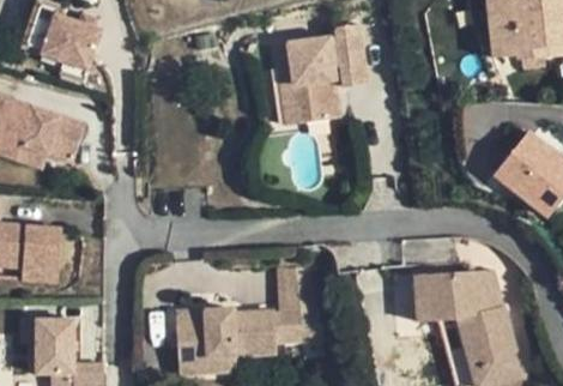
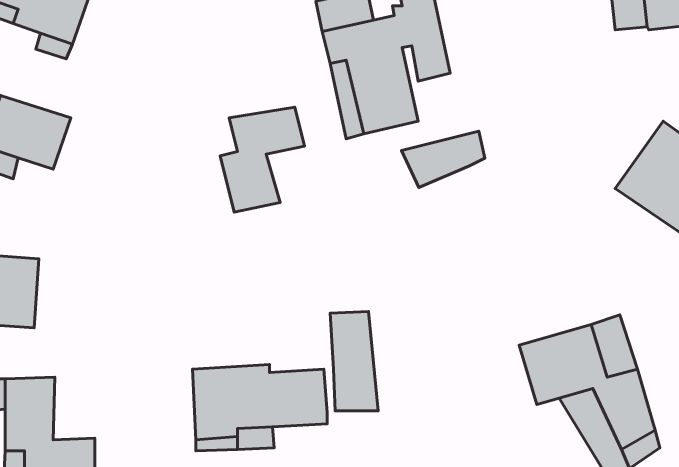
building: none -> [220,107,305,212]
building: none -> [402,131,485,188]

